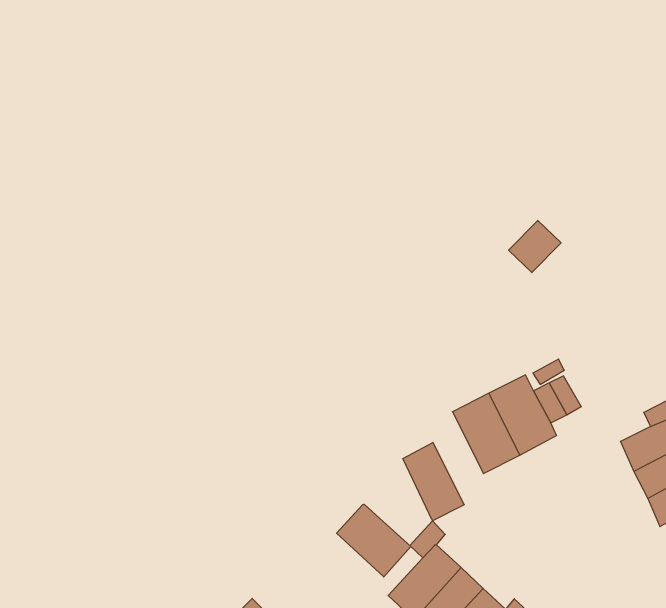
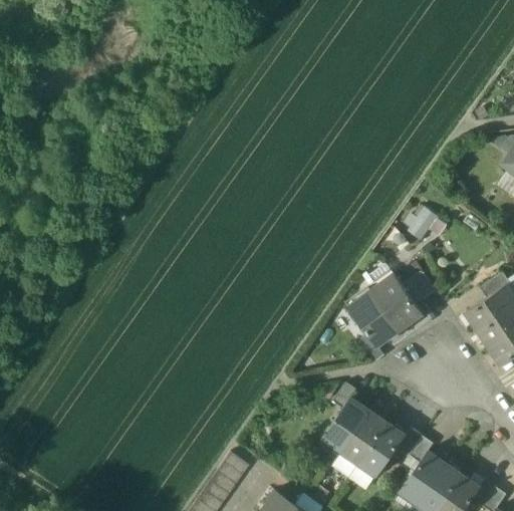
building: [509,220,561,273] -> [404,204,439,240]
building: [403,442,464,521] -> none
building: [337,504,411,577] -> none

